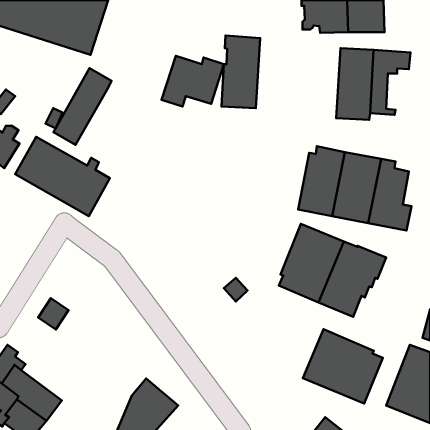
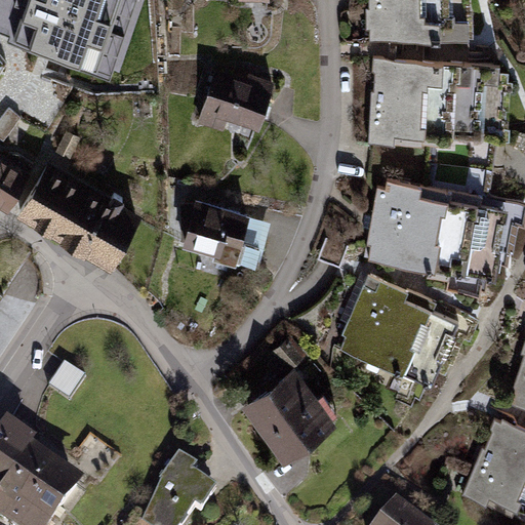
building: [221,35,260,108] -> [366,57,413,146]
building: [54,68,112,145] -> none
building: none -> [180,197,271,270]
building: none -> [246,373,328,456]
building: [303,329,383,403] -> none

